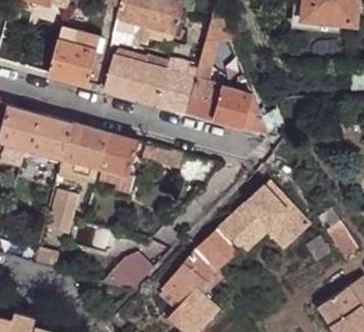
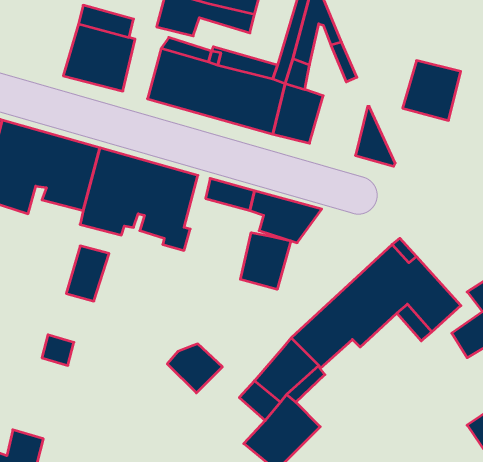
building: [212,87,251,126] -> [403,61,461,120]
building: none -> [240,233,291,289]

